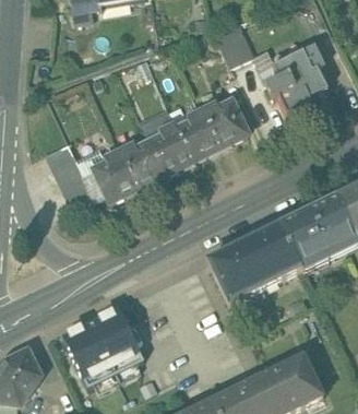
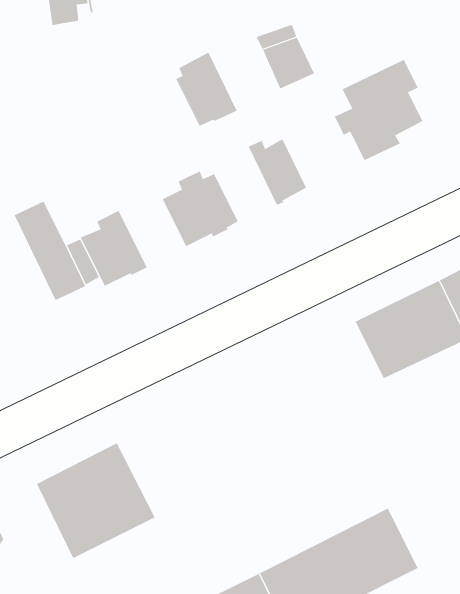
building: [184,105,227,156] -> [175,52,238,127]
building: [119,141,165,188] -> none
building: [208,225,301,303] -> none

